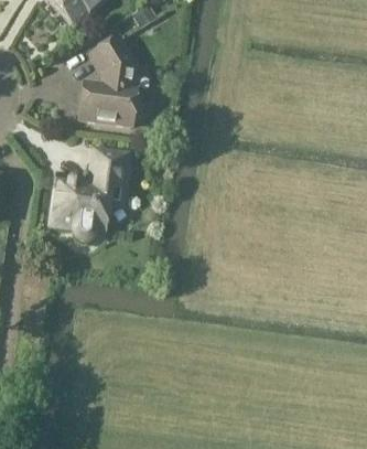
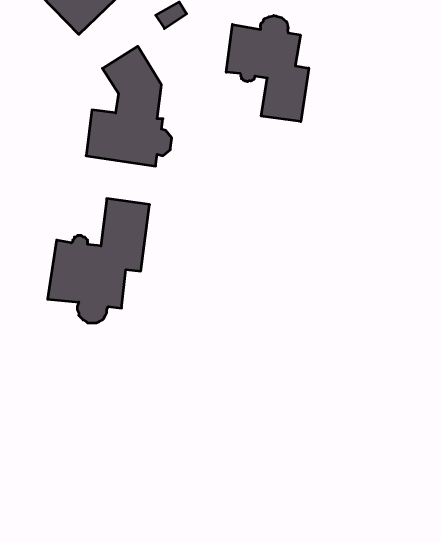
building: none -> [226,15,309,122]

